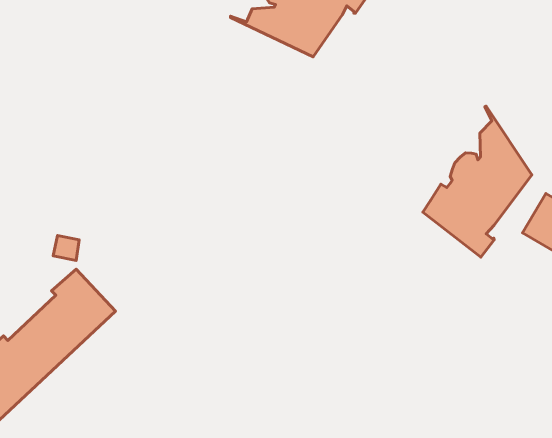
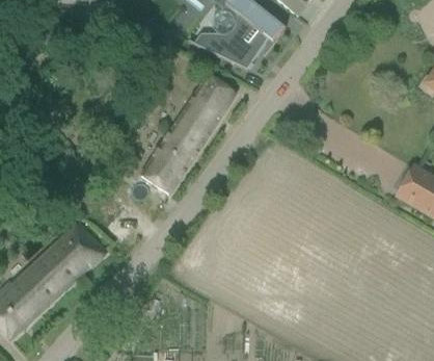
building: none -> [141,74,235,192]
building: [423,106,532,257] -> none

